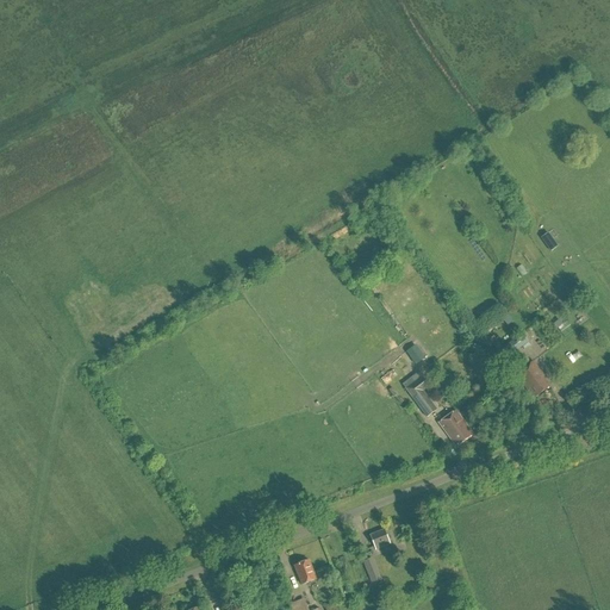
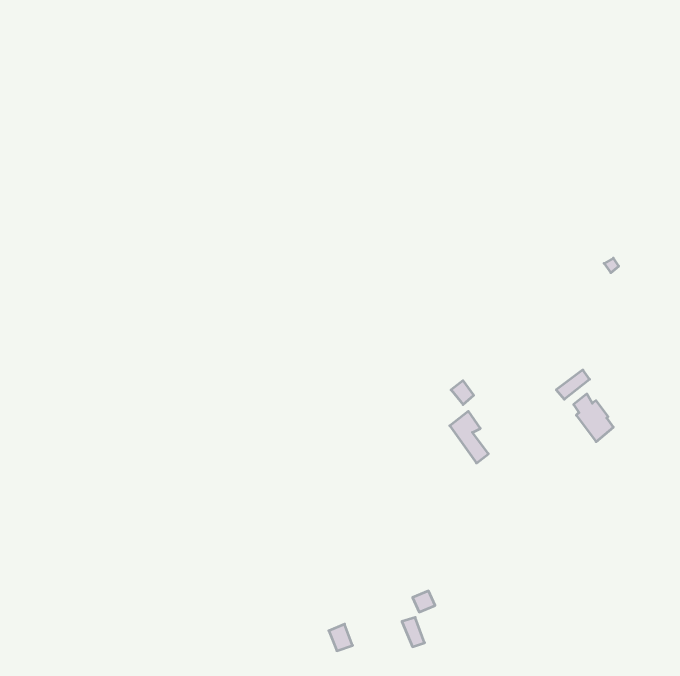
building: [438,407,474,442] -> none

